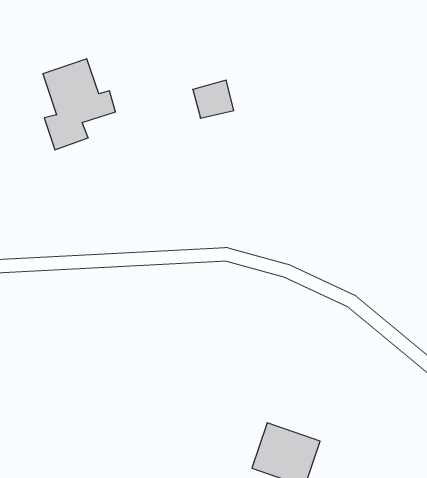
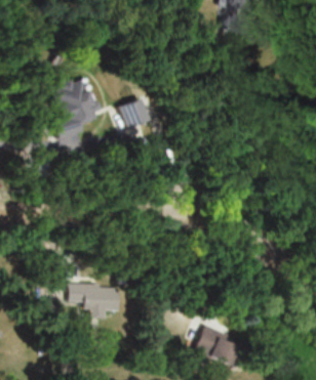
building: [193,80,234,118] -> [121,99,149,125]
building: none -> [70,286,120,319]

